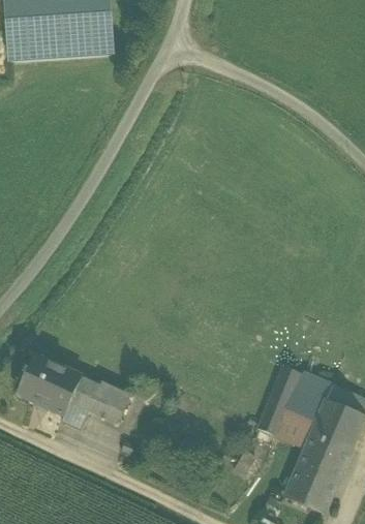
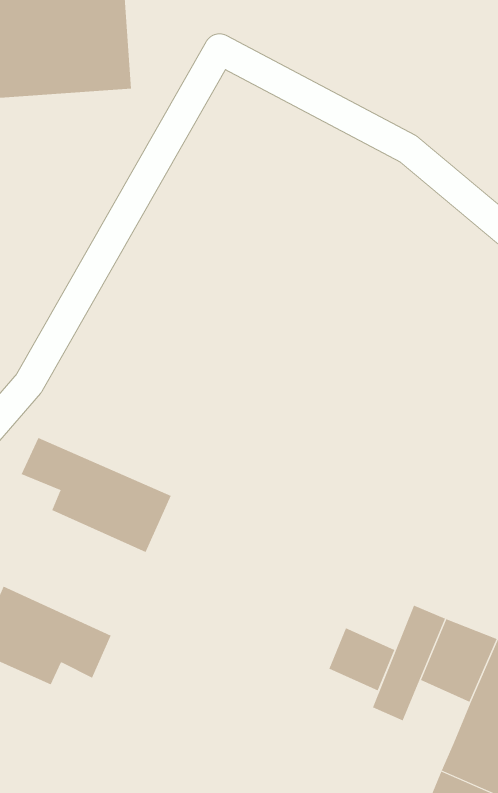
building: none -> [21,437,171,553]
building: [88,381,129,424] -> none
building: [275,411,315,450] -> [328,628,395,691]

